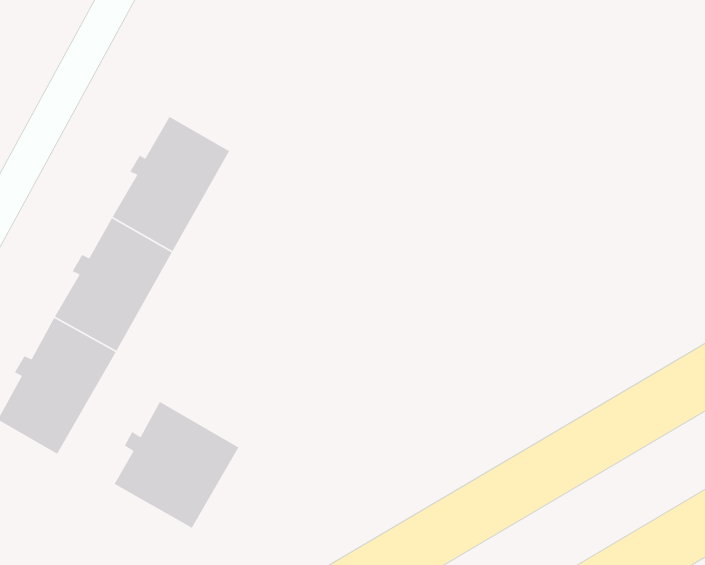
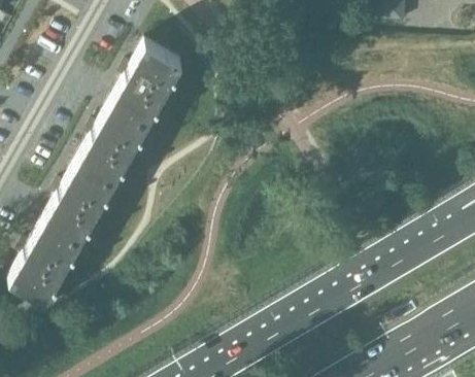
building: none -> [114,43,185,124]
building: [114,401,239,529] -> none

